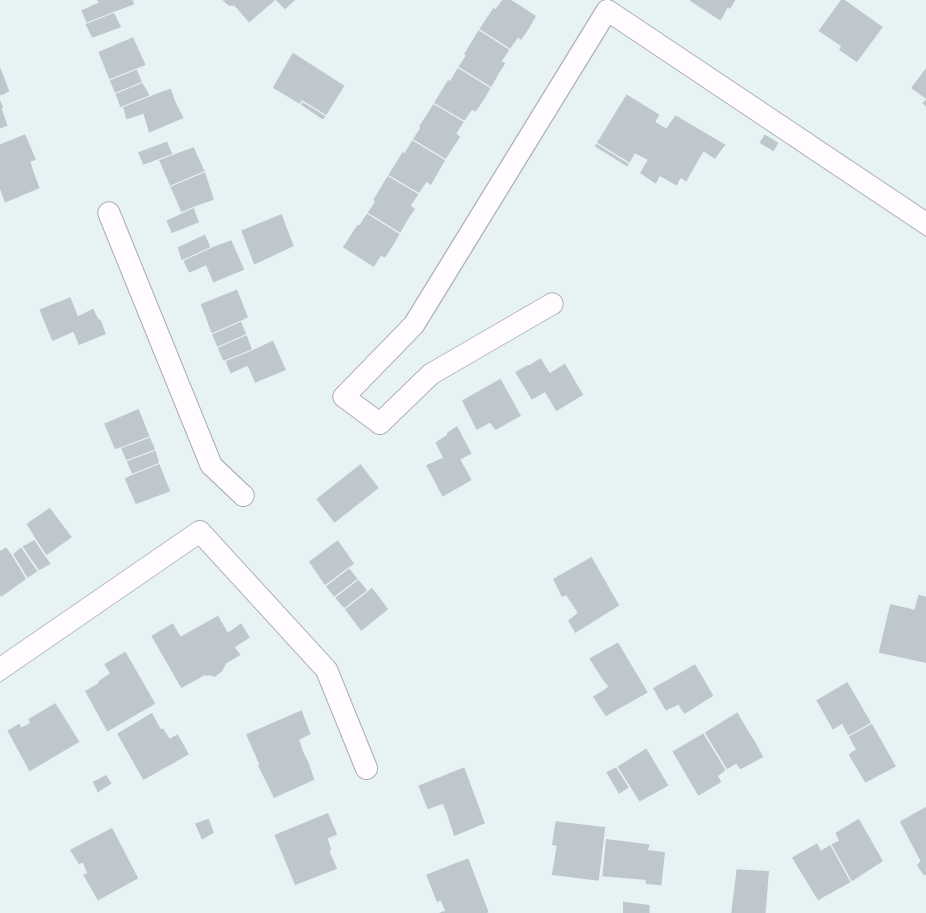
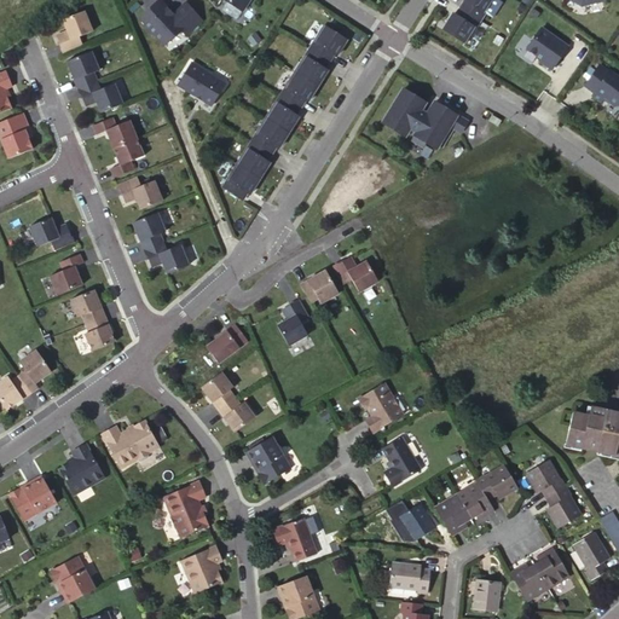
building: [240,213,294,265] -> none
building: none -> [52,254,82,293]
building: none -> [244,435,290,484]
building: [652,664,714,715] -> [476,465,516,498]
building: [116,712,190,781] -> none
building: [551,820,606,881] -> none

